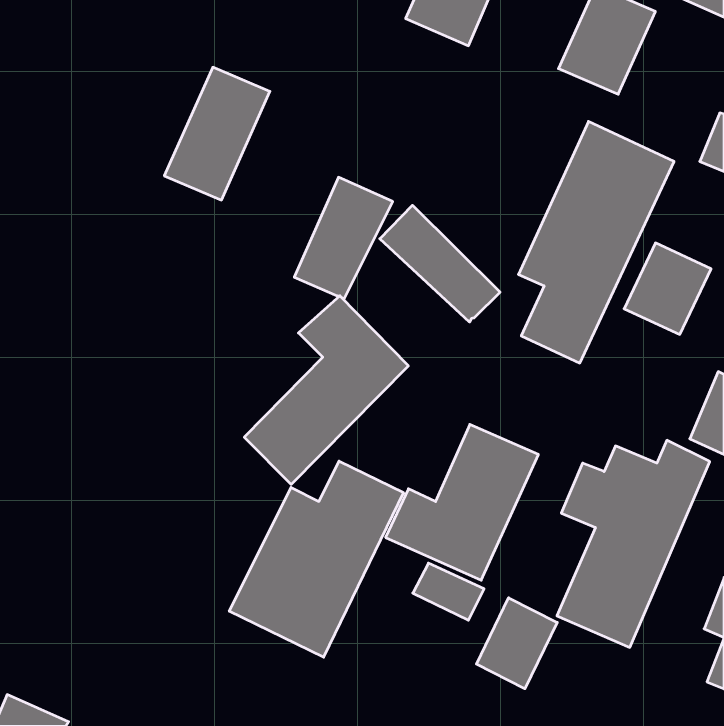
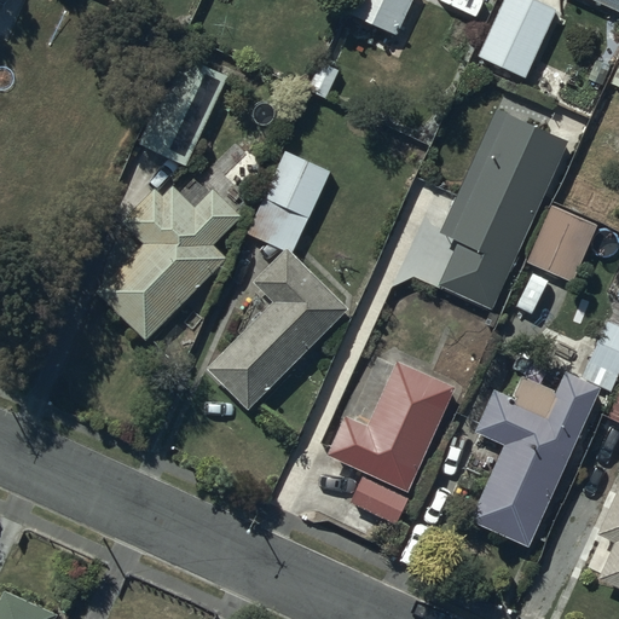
building: [380,205,500,322] -> none
building: none -> [97,186,242,342]
building: [229,461,403,657] -> none
building: [476,598,557,689] -> none

